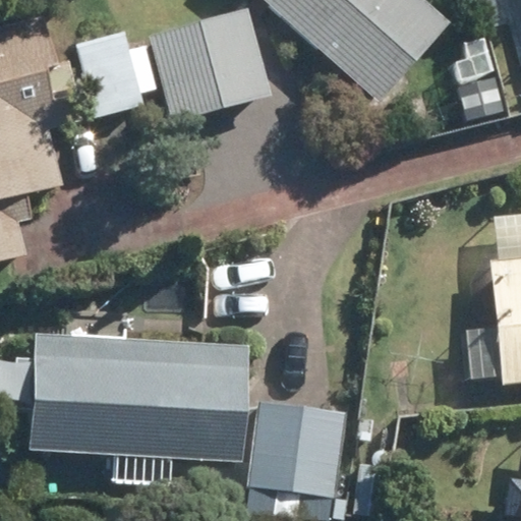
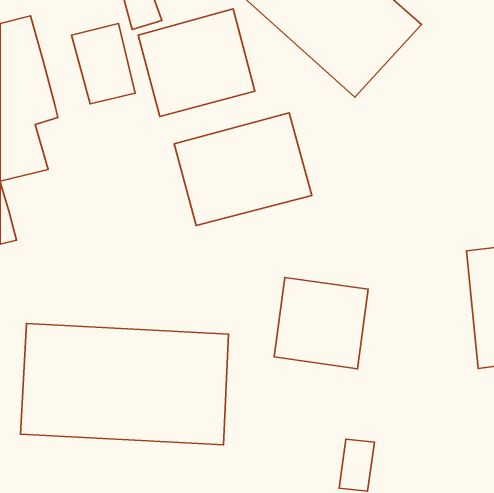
building: none -> [174,113,312,225]
building: [245,400,343,495] -> [274,278,368,369]

